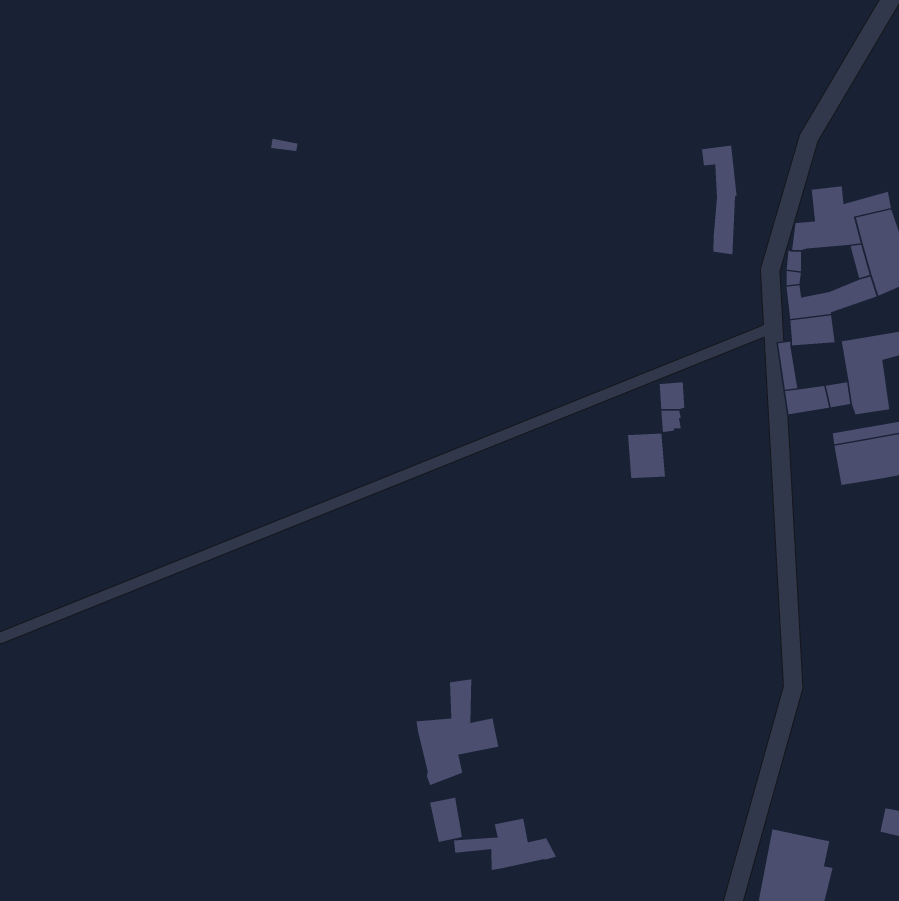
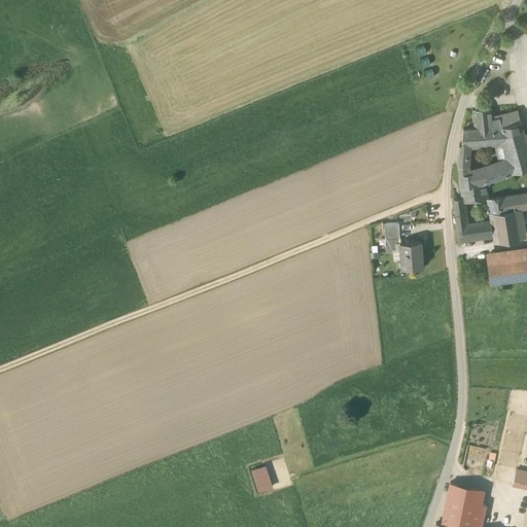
building: [701,145,737,255] -> none
building: [627,433,666,479] -> [401,242,424,269]
building: [416,679,499,786] -> none
building: [453,818,557,871] -> none

